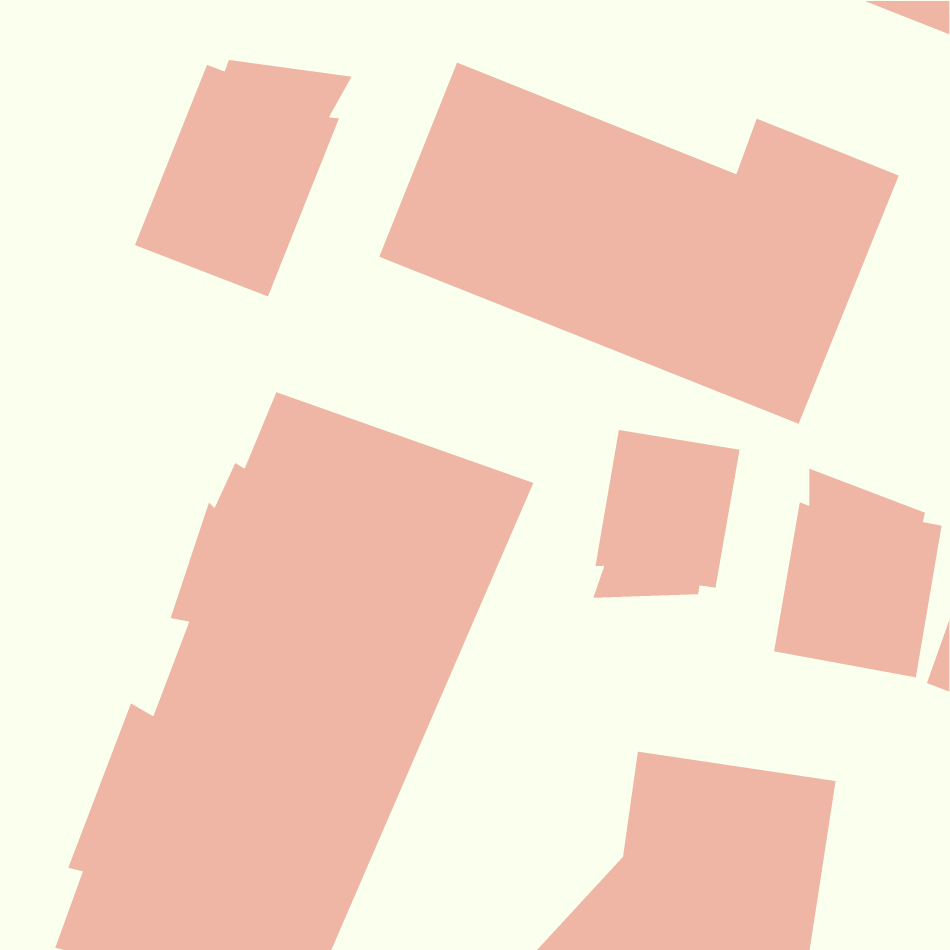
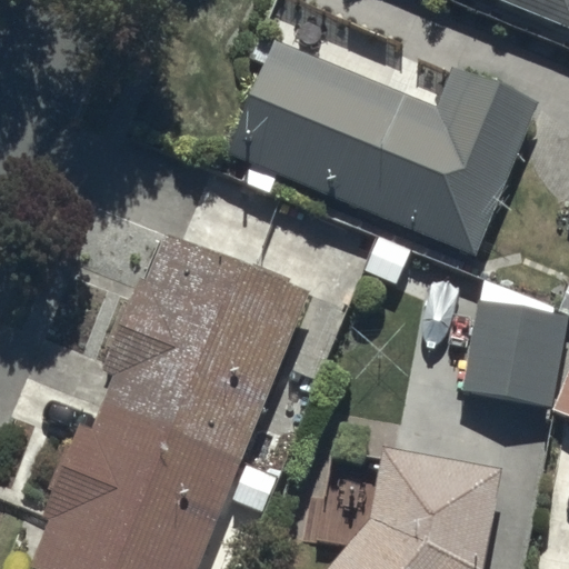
building: [134,59,353,297] -> none
building: [592,429,740,598] -> none

